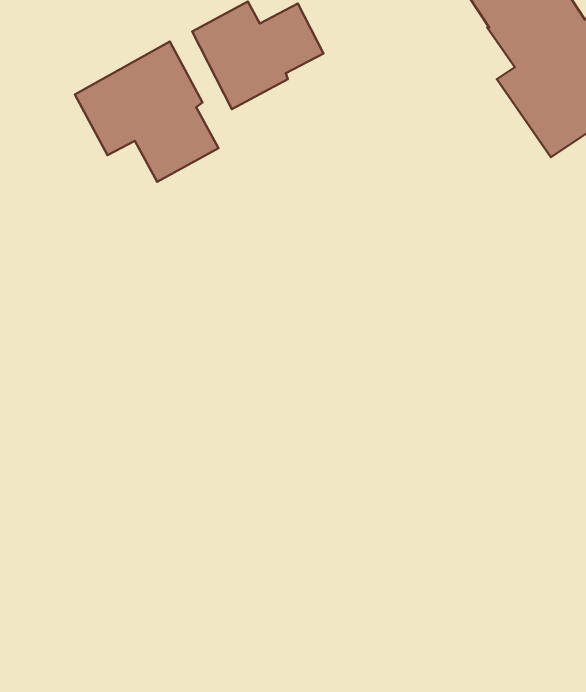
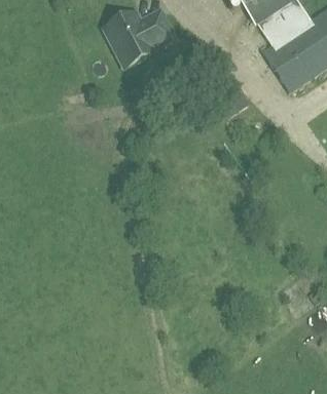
building: [75,42,218,182] -> none

